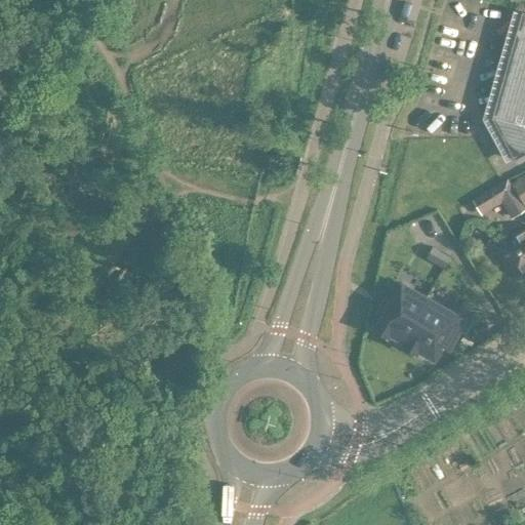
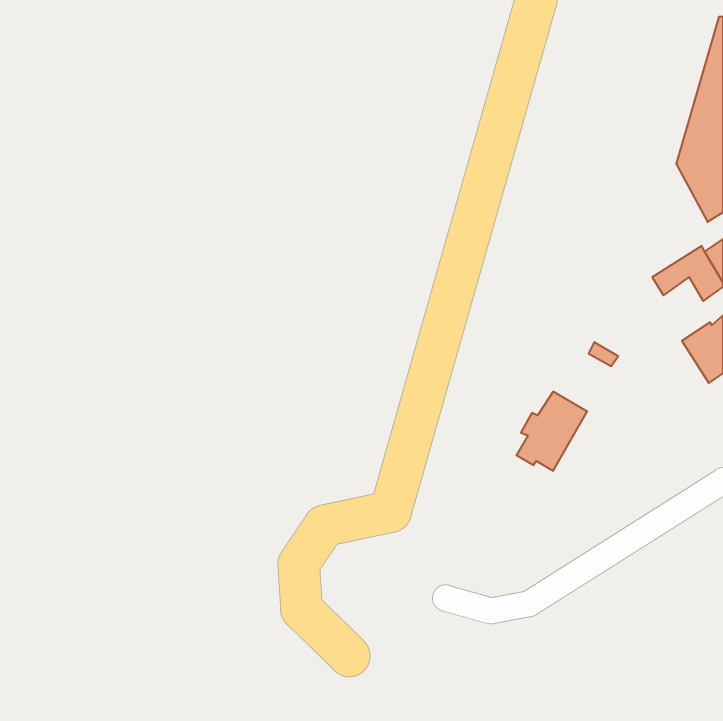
building: [401,299,465,361] -> none

